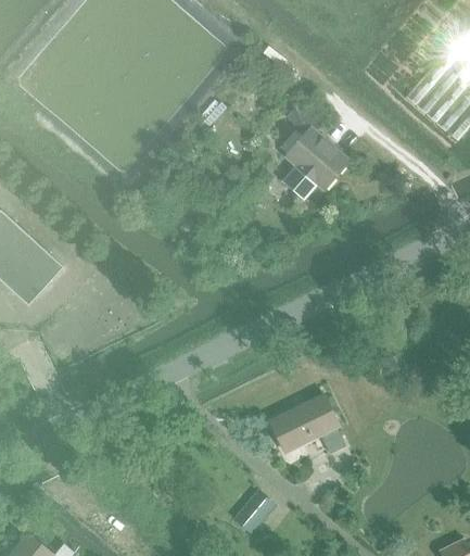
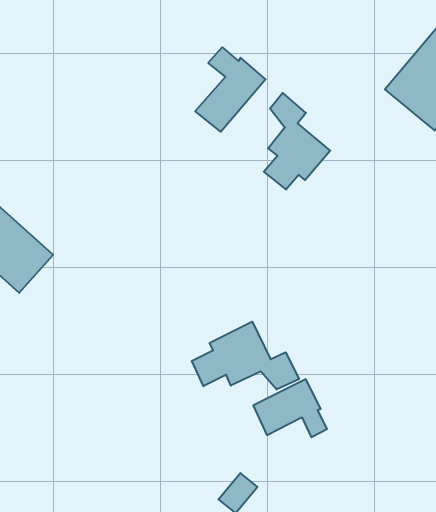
building: none -> [195,47,266,132]
building: none -> [192,322,299,390]

